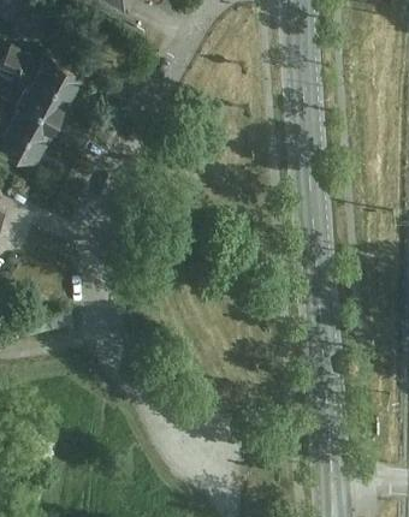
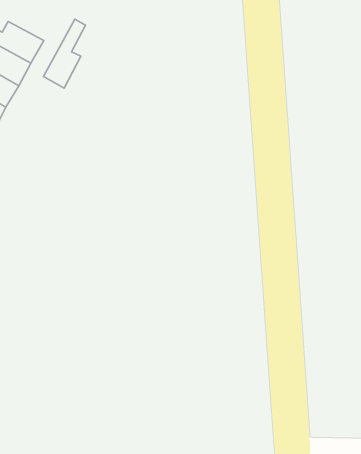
building: none -> [44,19,85,88]

